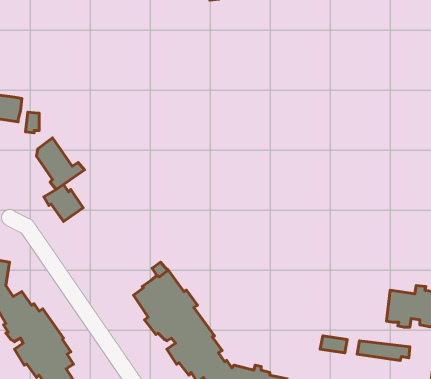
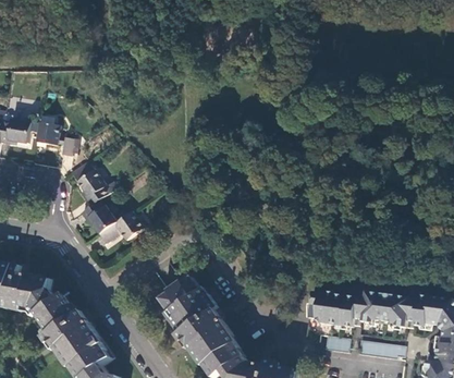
building: none -> [97,212,142,243]
building: none -> [307,289,386,328]

